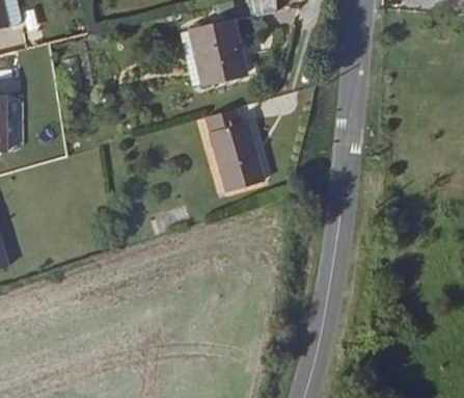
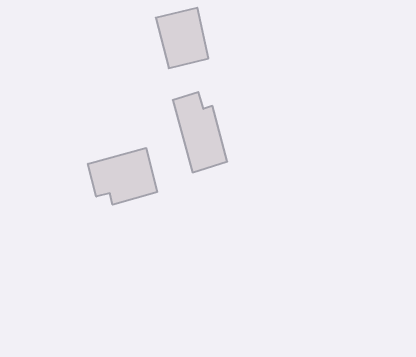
building: none -> [88,148,157,205]

